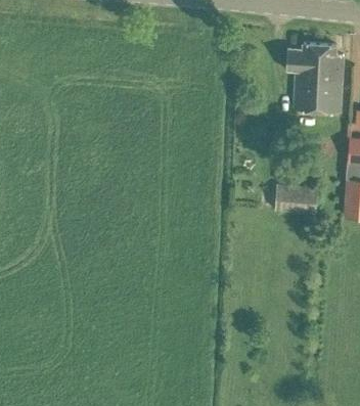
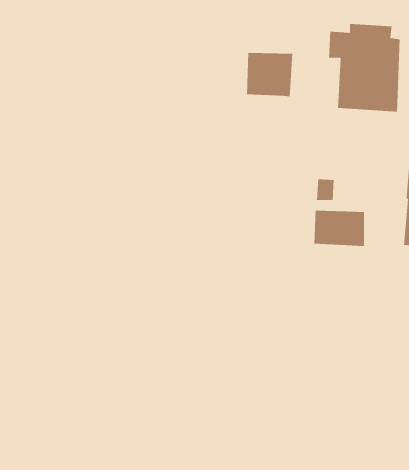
building: none -> [246,52,293,97]

